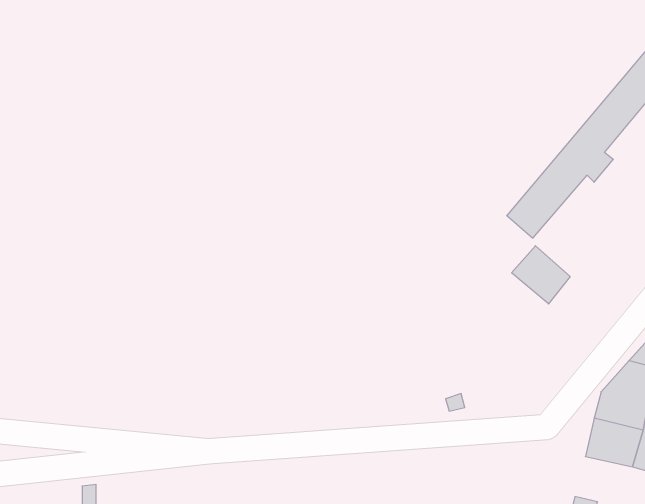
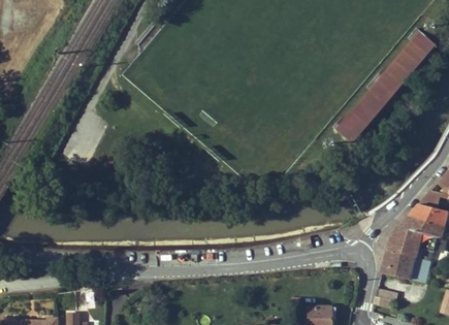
building: [512,246,570,304] -> none

